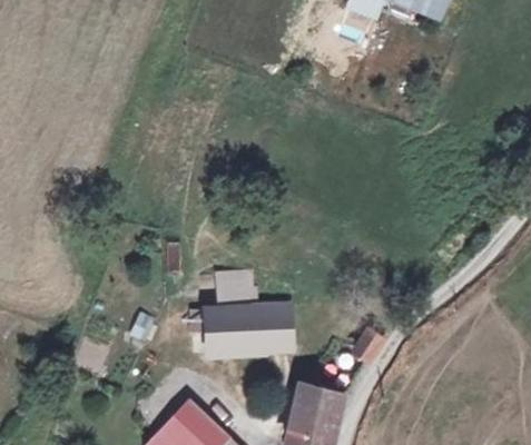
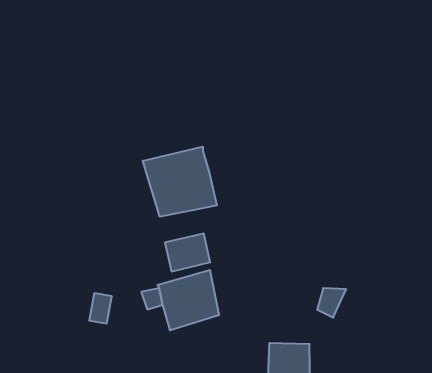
building: none -> [143,147,217,217]
building: [256,300,296,349] -> none

